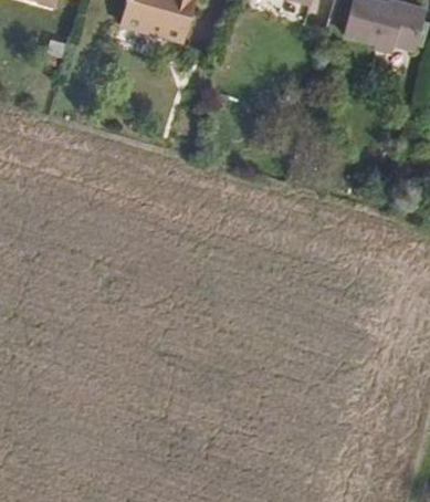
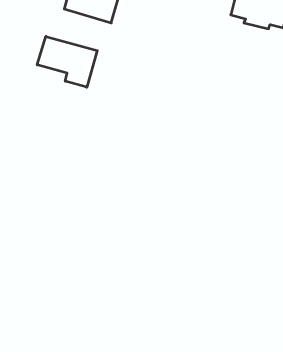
building: none -> [37,36,97,87]

